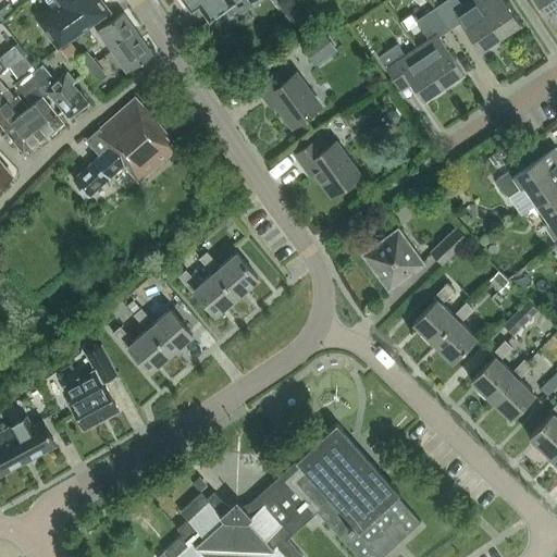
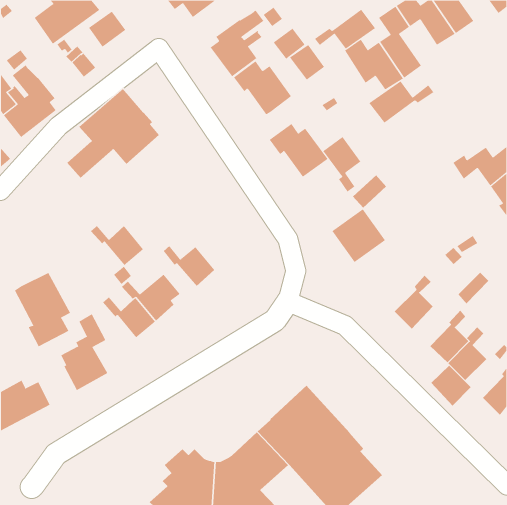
building: none -> [314,9,376,49]
building: none -> [210,9,264,77]
building: [112,35,153,75] -> none
building: none -> [289,44,325,81]
building: [32,70,88,119] -> none
building: none -> [369,81,434,124]
building: none -> [323,136,361,193]
building: [430,228,468,265] -> [352,175,387,208]
building: [199,253,258,298] -> [90,225,144,266]
building: [412,285,456,344] -> none
building: none -> [14,272,71,347]
building: none -> [430,365,472,406]

